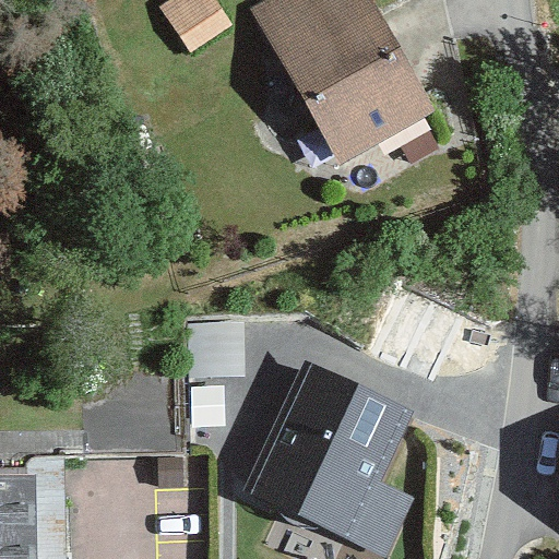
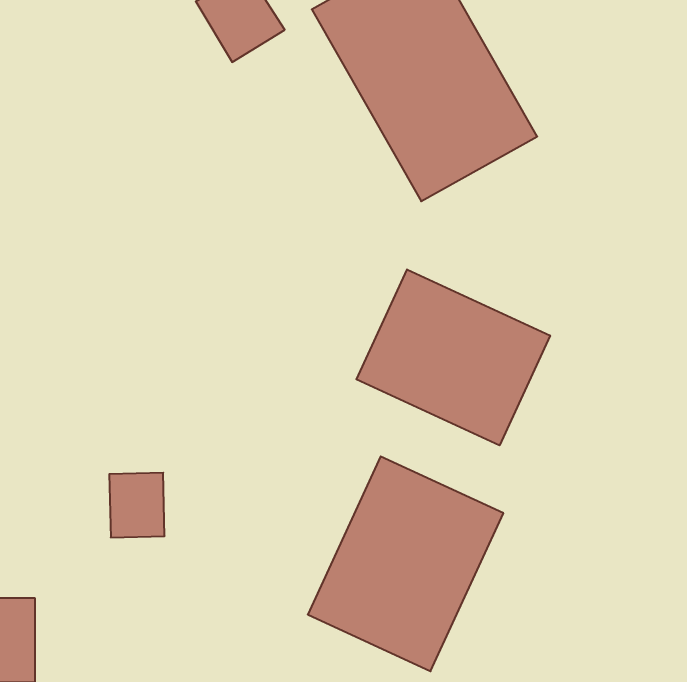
building: none -> [356,269,550,445]

